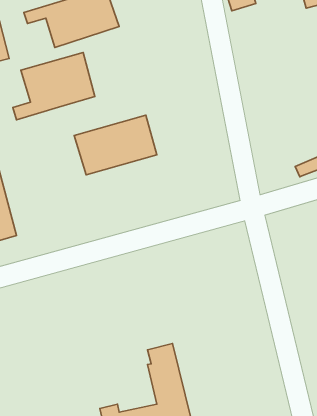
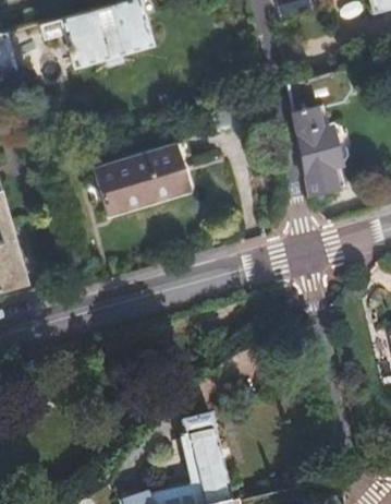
building: [13,53,95,120] -> none
building: none -> [286,79,341,200]

